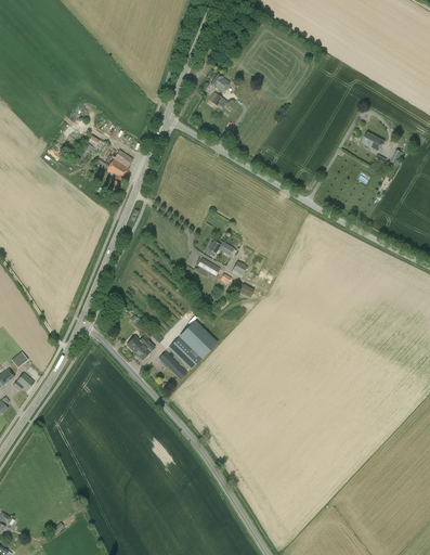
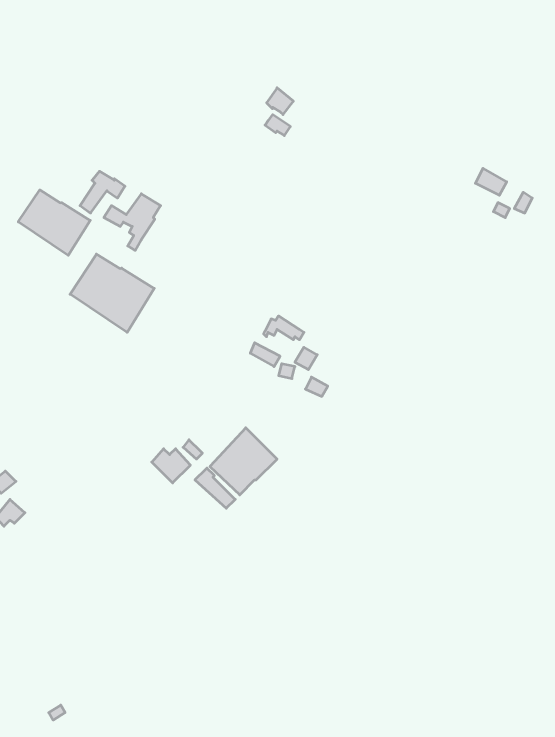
building: none -> [18,190,90,255]
building: none -> [70,254,154,332]

